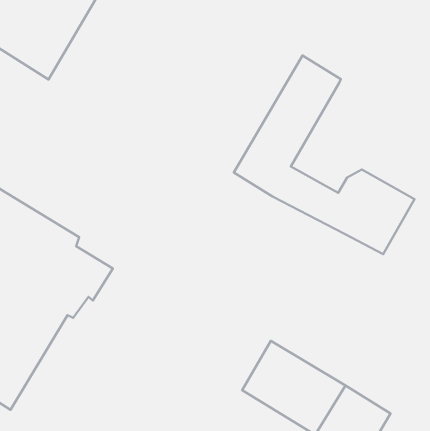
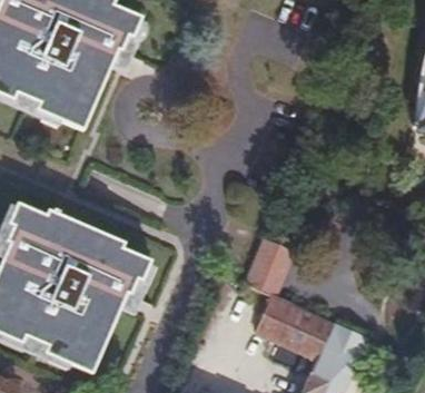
building: [234,55,415,254] -> none
building: none -> [240,236,293,296]

